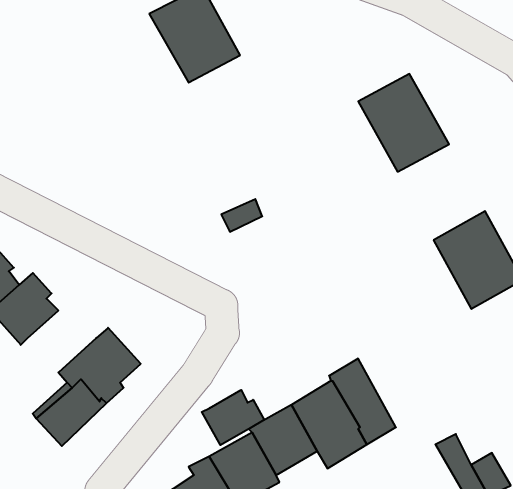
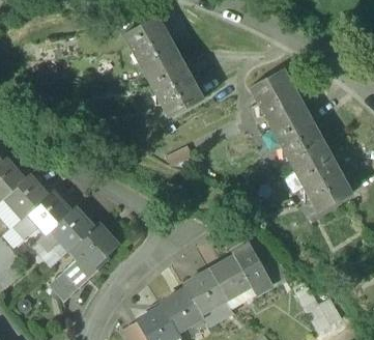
building: none -> [147,59,201,118]
building: none -> [274,113,326,171]
building: none -> [50,207,91,251]
building: [202,390,264,445] -> none

